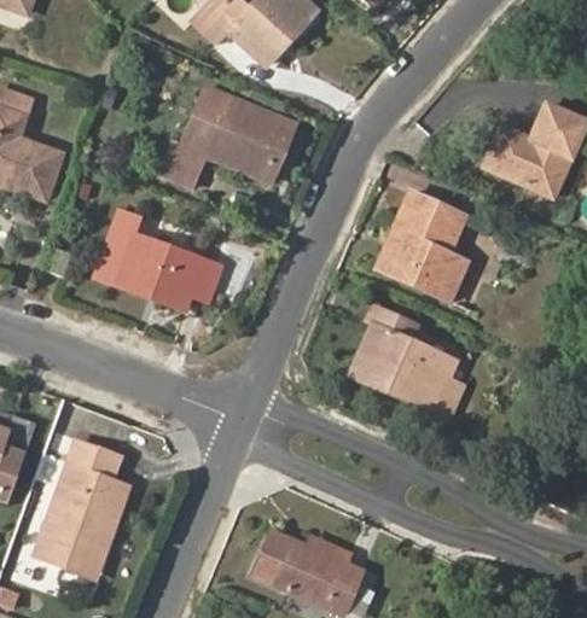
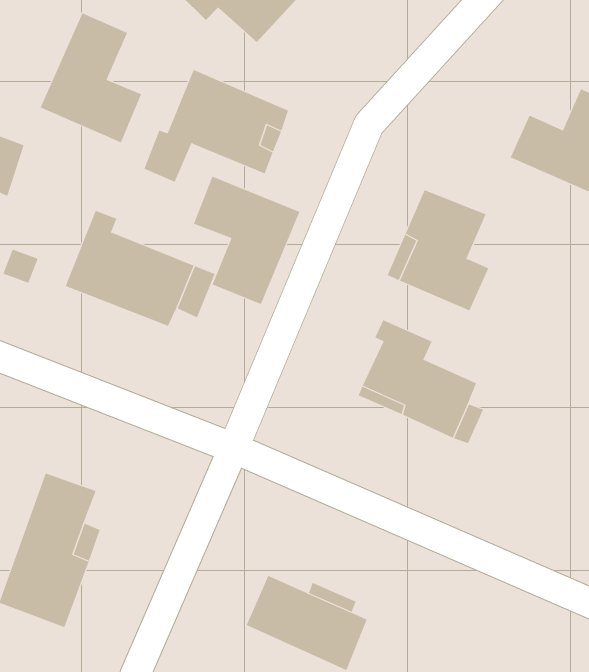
building: none -> [40,13,142,143]
building: none -> [193,176,300,305]

